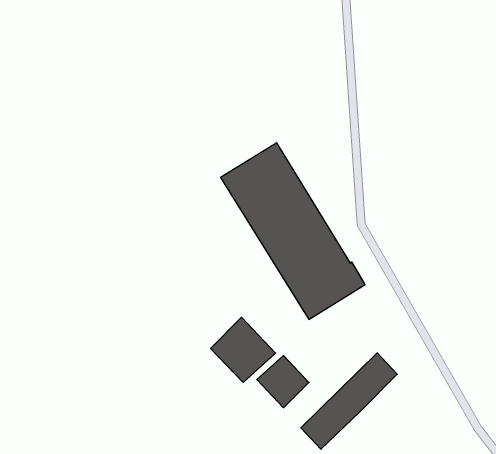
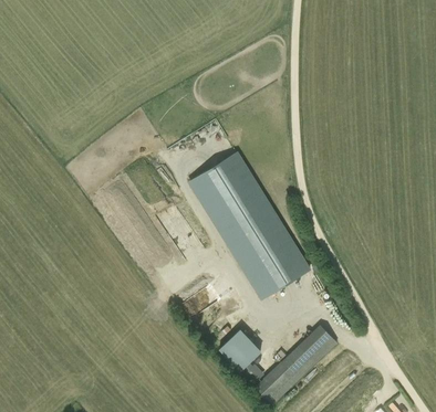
building: [211,317,276,382] -> none

